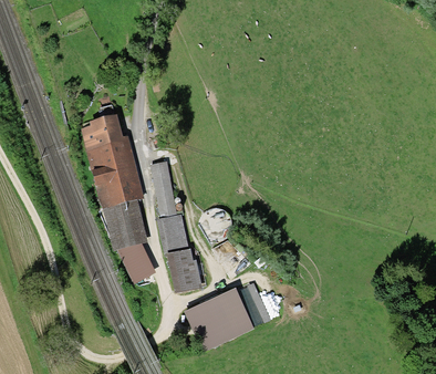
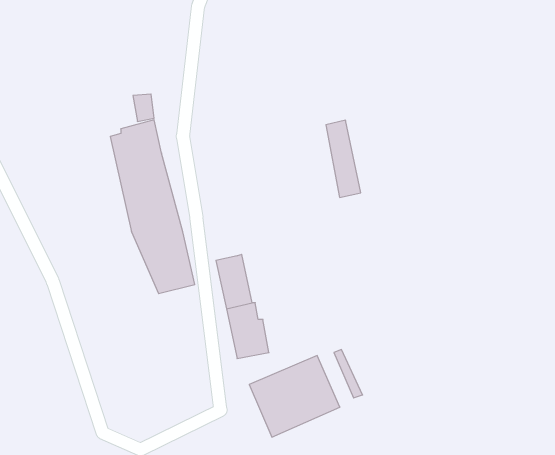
building: [152,164,177,220] -> [326,120,361,197]
building: [123,242,153,281] -> none

